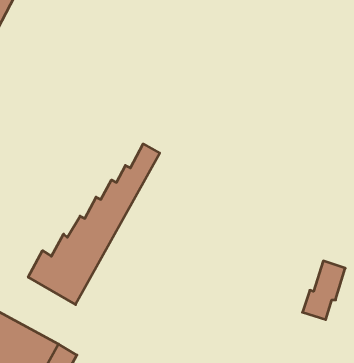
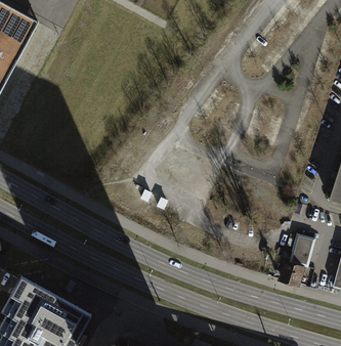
building: [28,144,160,305] -> none

